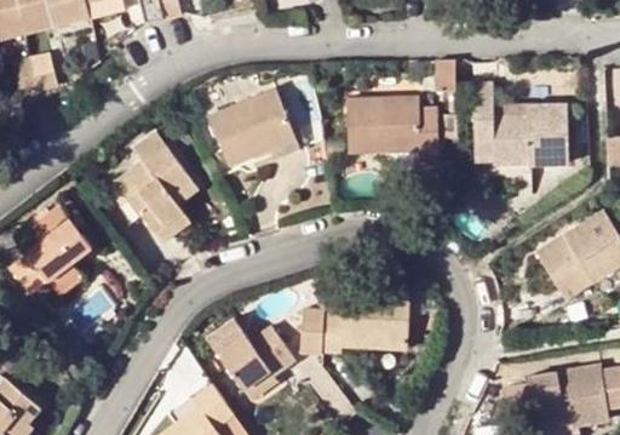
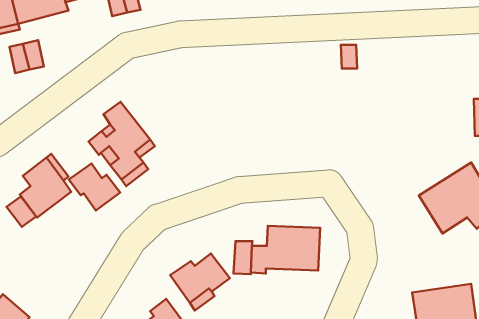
building: [471,81,566,164] -> none
building: [208,90,297,164] -> none
building: [346,97,437,156] -> none
building: none -> [69,163,120,211]

